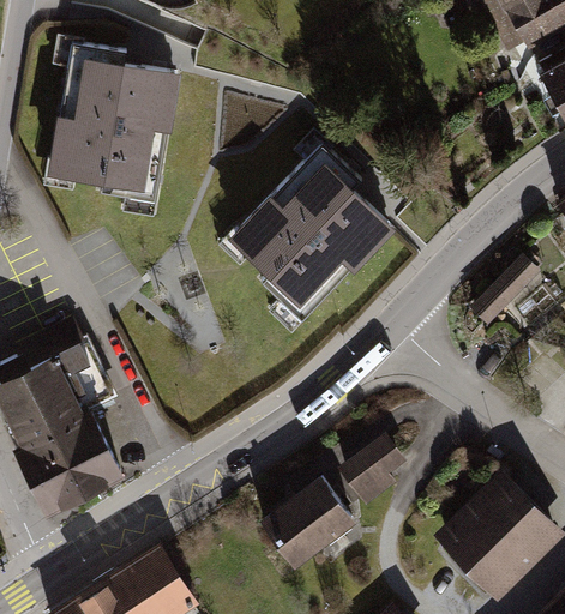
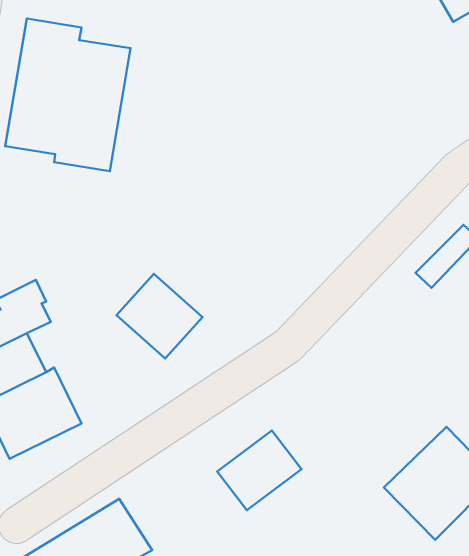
building: [226,142,396,336] -> none
building: none -> [116,274,203,359]
building: [343,434,403,499] -> none

